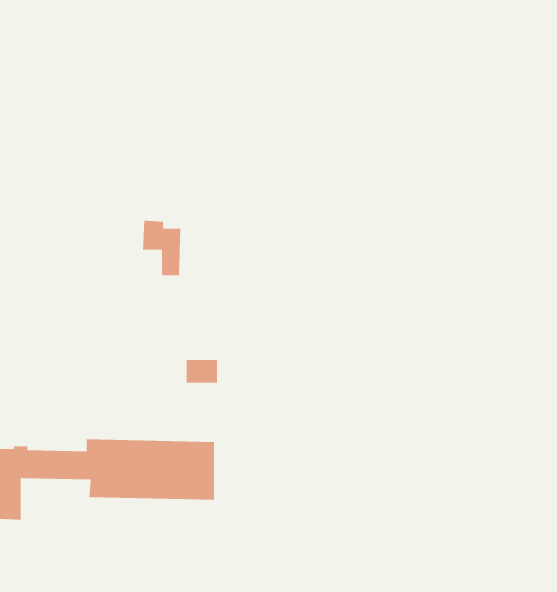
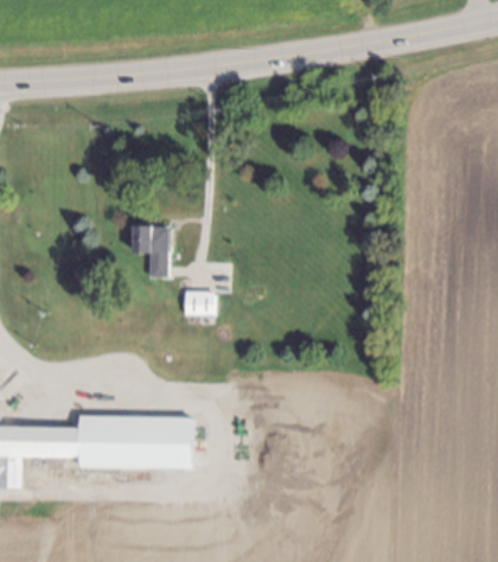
building: [186,359,218,383] -> [183,290,211,312]

